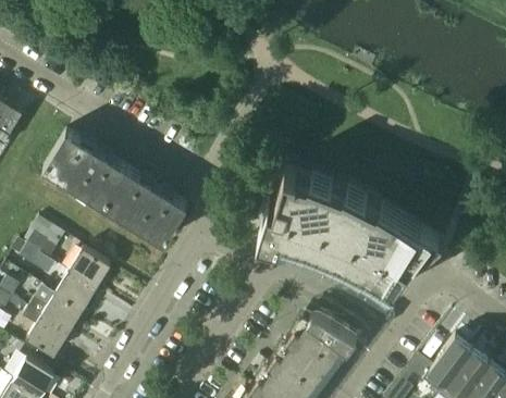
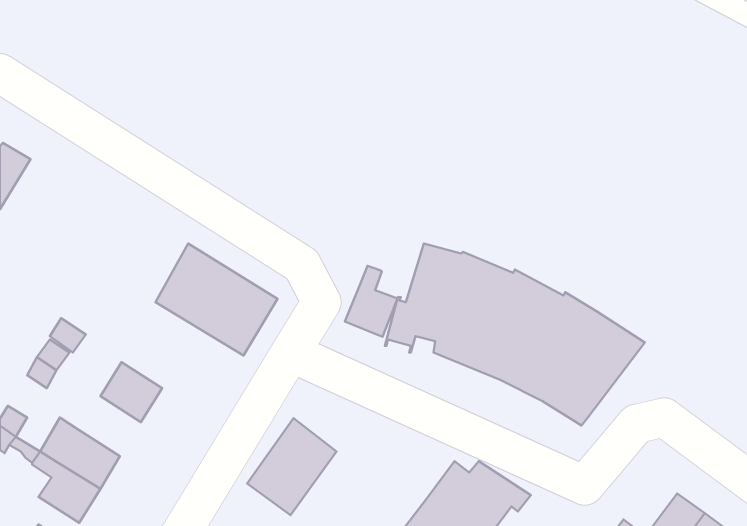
building: [44,133,128,210] -> none
building: none -> [345,266,397,337]
building: [55,273,97,313] -> none
building: none -> [247,418,336,515]

